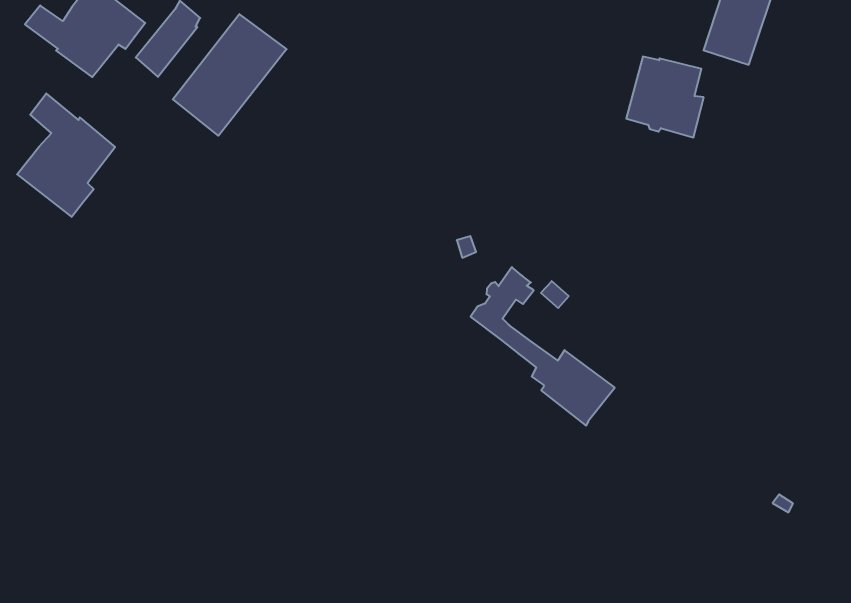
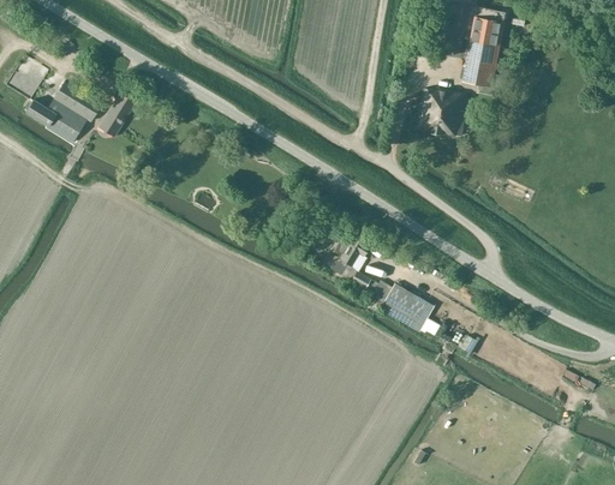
building: [173,14,287,136] -> none
building: [17,93,115,217] -> none

